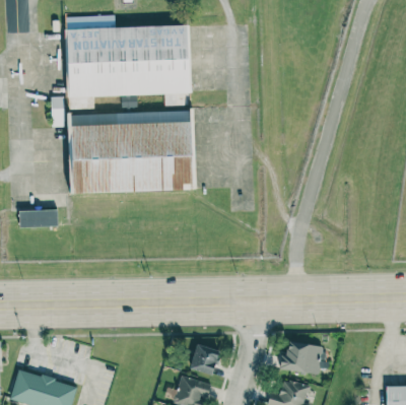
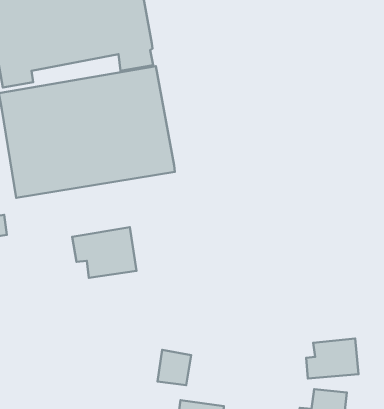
building: none -> [72,227,137,278]
building: [190,344,219,375] -> [157,350,191,385]

